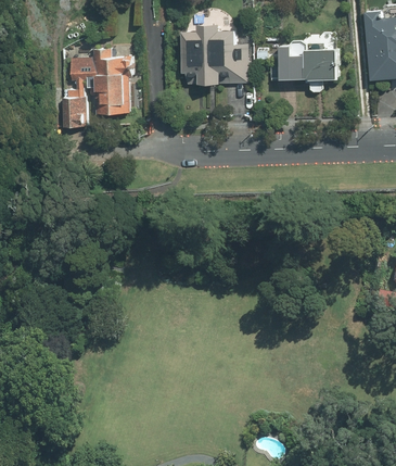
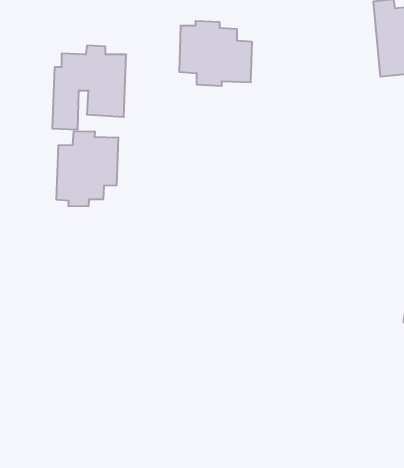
building: [280,42,337,91] -> none
building: none -> [56,131,118,206]

